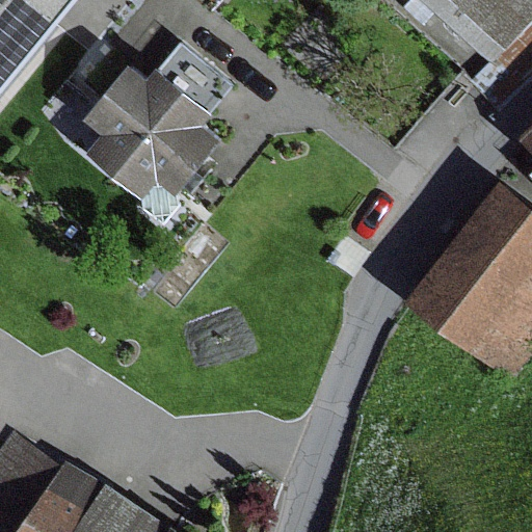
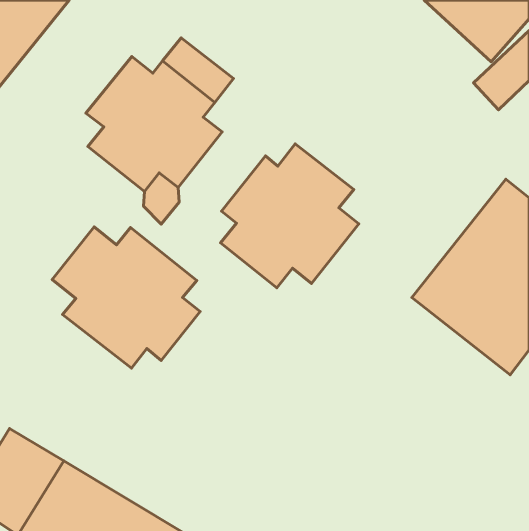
building: none -> [220,144,359,288]
building: none -> [52,227,200,368]

